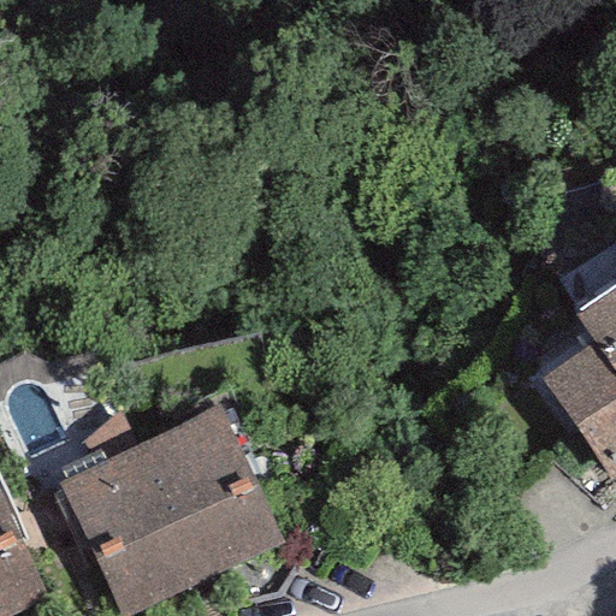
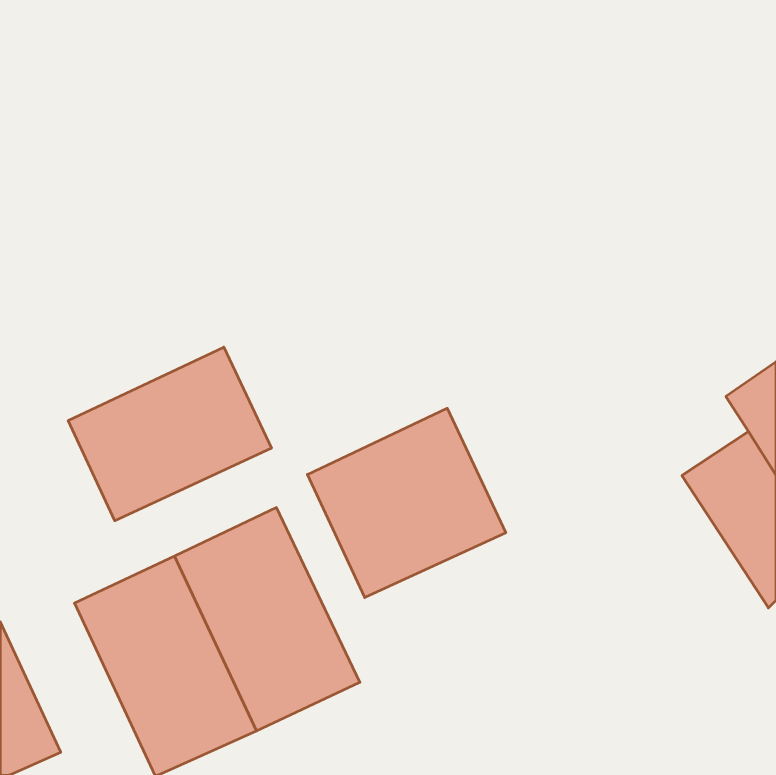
building: none -> [68,347,271,521]
building: none -> [307,408,506,598]

